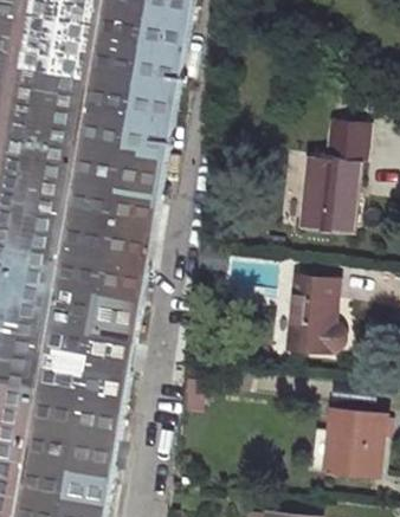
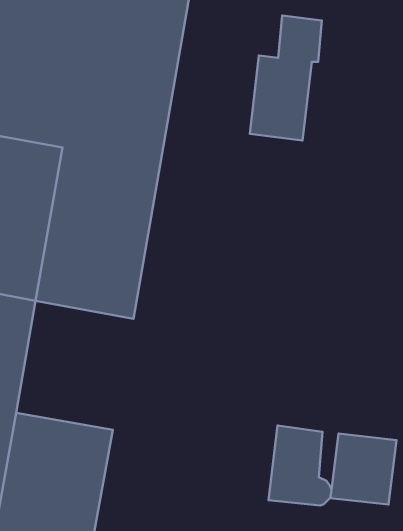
building: [299,121,366,235] -> [250,15,322,140]
building: [283,278,341,351] -> [268,426,332,505]
building: [32,289,140,407] -> none

